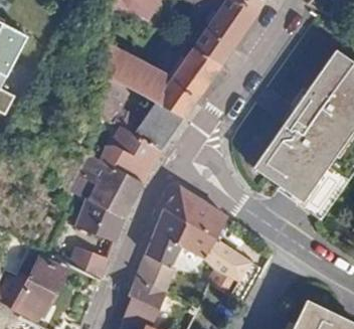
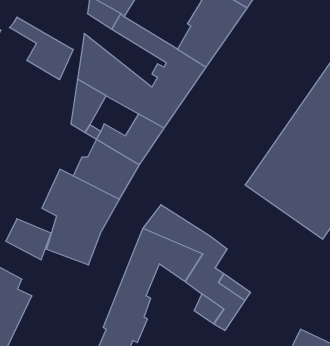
building: none -> [9,17,73,80]
building: [68,242,110,280] -> [6,219,51,260]

